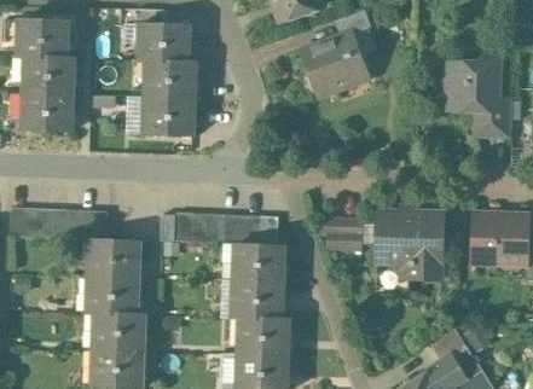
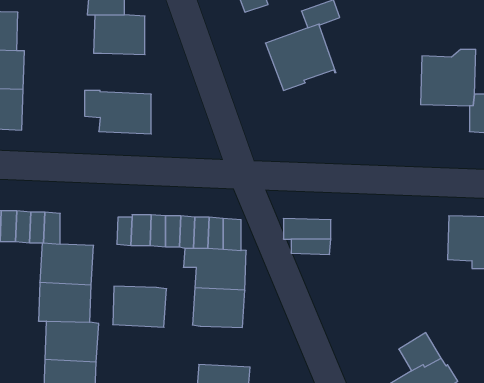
building: [145,60,195,99] -> none
building: [376,210,442,279] -> none
building: [238,318,289,356] -> [113,286,167,327]

